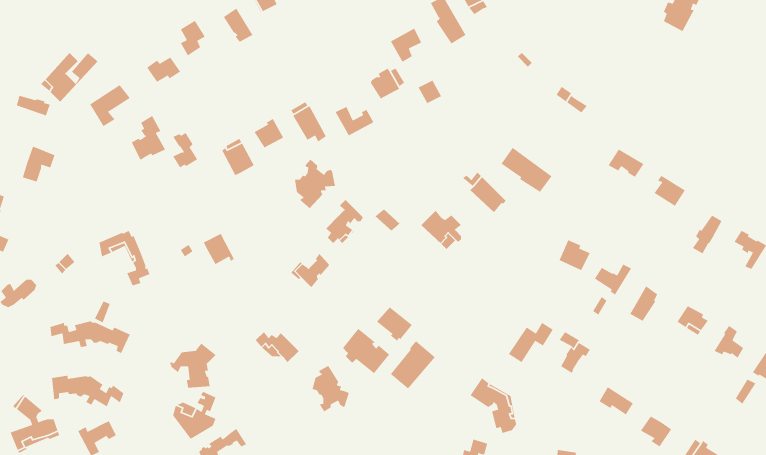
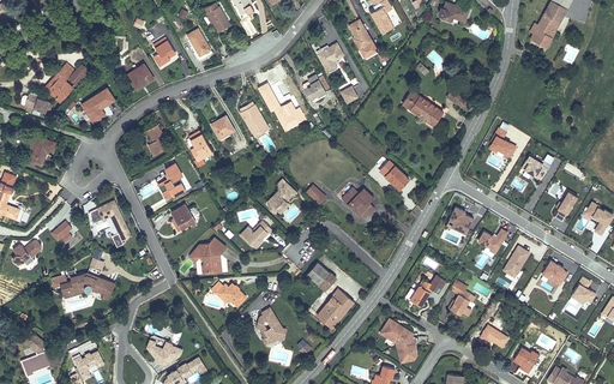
building: [131,115,166,161] -> [158,163,186,199]
building: [500,147,552,193] -> [403,90,444,126]
building: [294,159,336,209] -> none
building: [342,328,390,374] -> none
building: [169,342,217,388] -> [189,238,227,274]
building: [51,375,125,408] -> none

